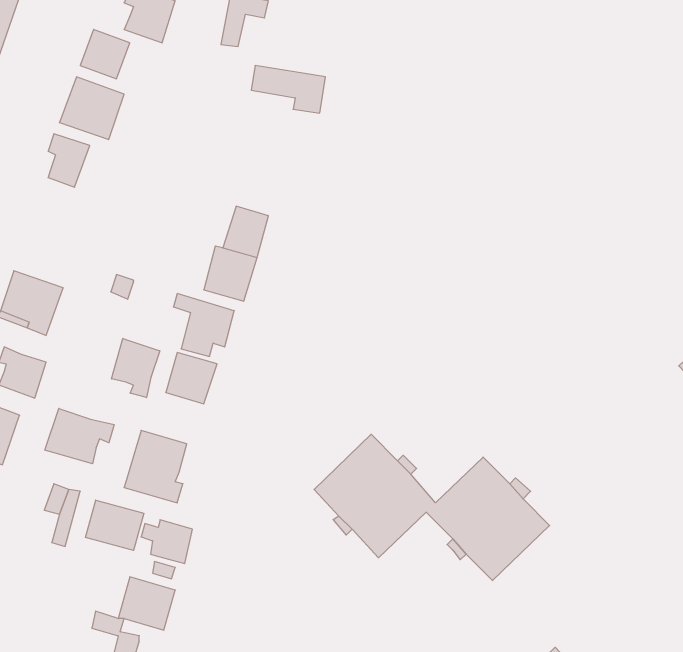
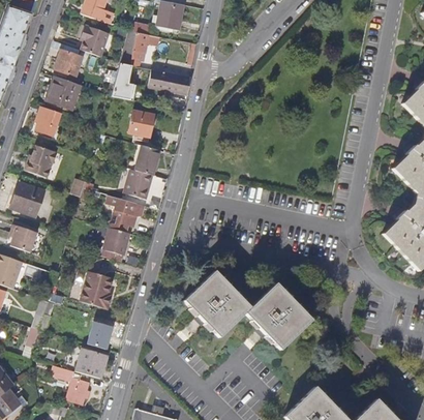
building: none -> [112,64,135,99]
building: none -> [127,111,153,136]
building: none -> [24,144,57,177]
building: [111,338,160,398] -> none
building: [45,408,114,464] -> none
building: [86,500,144,550] -> none

